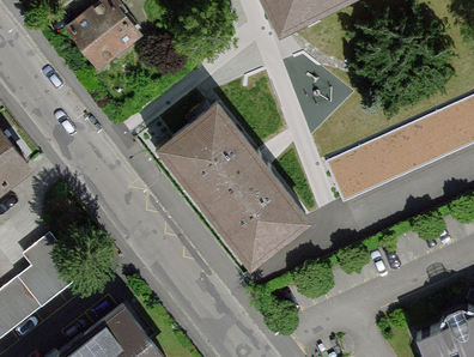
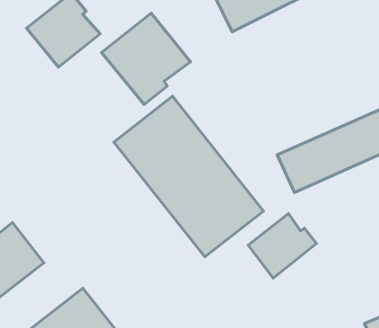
building: none -> [101,13,191,105]
building: none -> [248,213,317,278]

